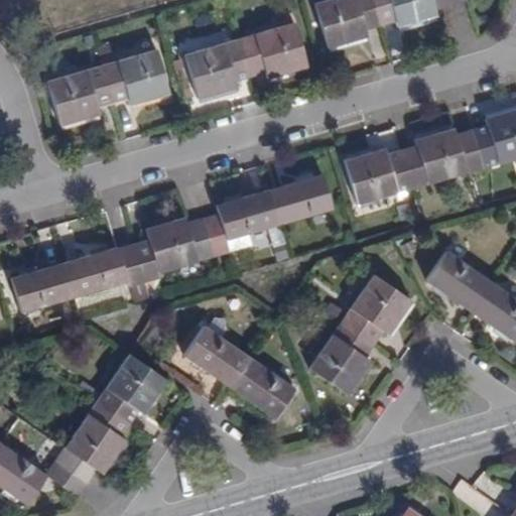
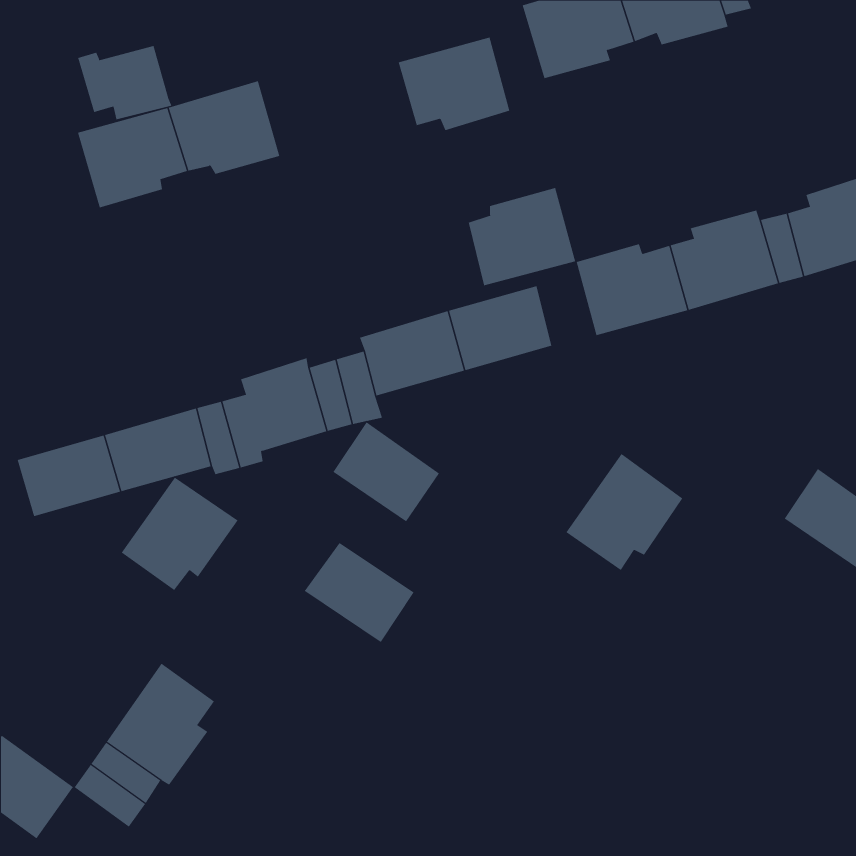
building: none -> [77,45,172,120]
building: [185,38,251,100] -> none
building: none -> [468,187,576,286]
building: [425,250,492,312] -> none
building: [308,320,374,394] -> none
building: [98,354,168,422] -> [121,477,238,591]
building: [230,357,294,417] -> [333,422,440,522]

